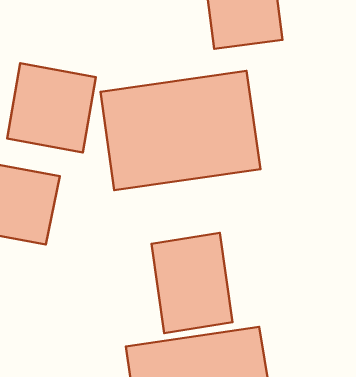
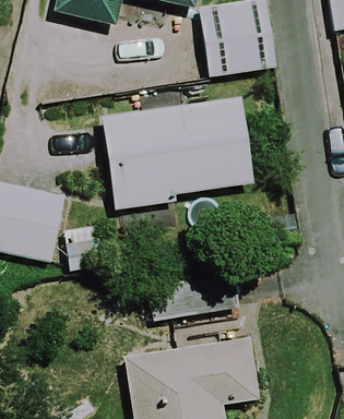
building: [7,63,96,152] -> none
building: [151,233,233,333] -> none

